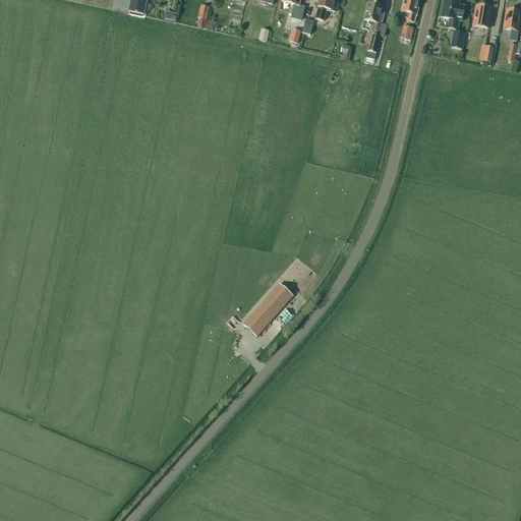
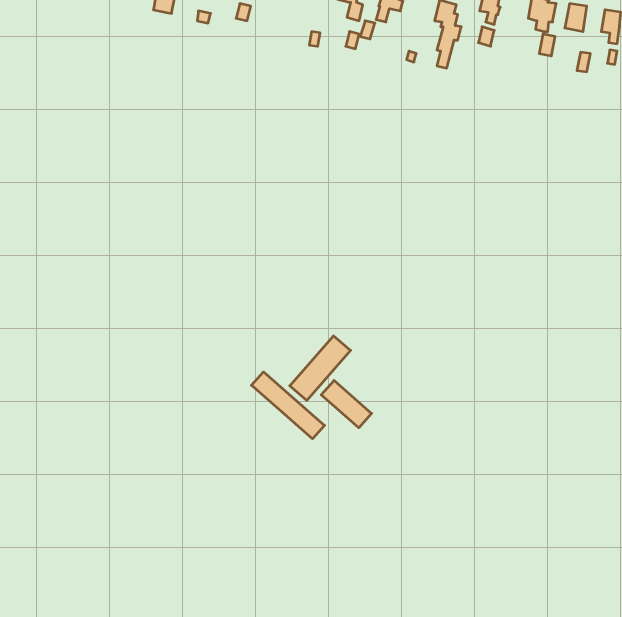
building: none -> [251,372,325,439]
building: none -> [321,380,372,428]

